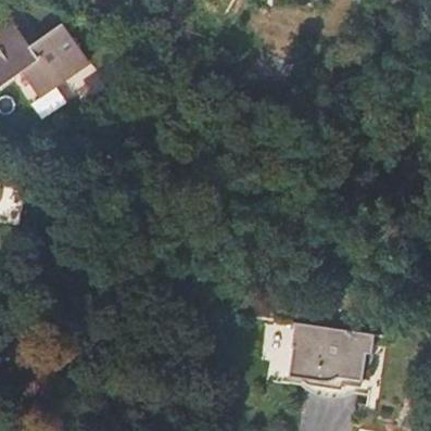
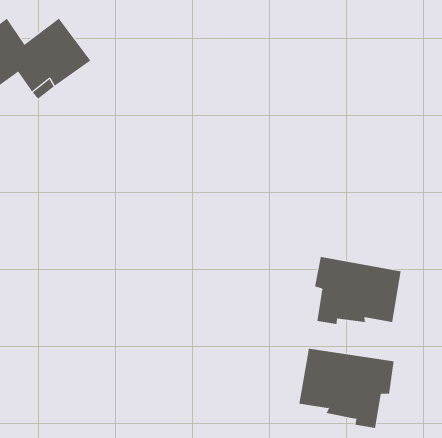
building: none -> [315,256,401,325]

